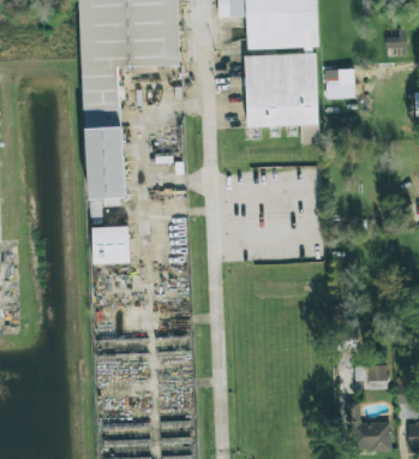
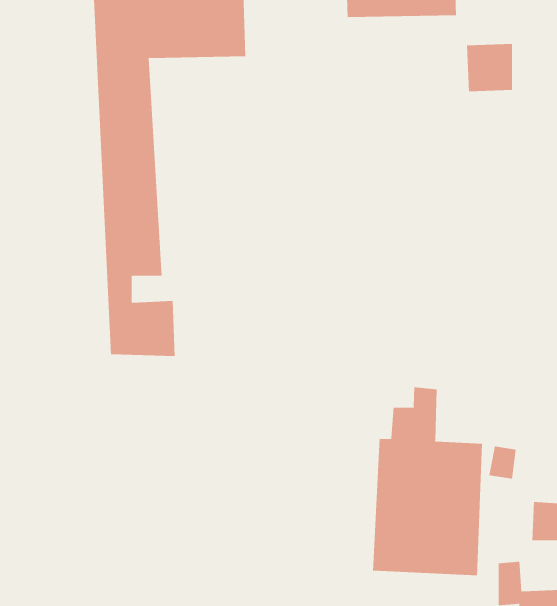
building: [241,47,316,138] -> none
building: none -> [373,387,482,576]

